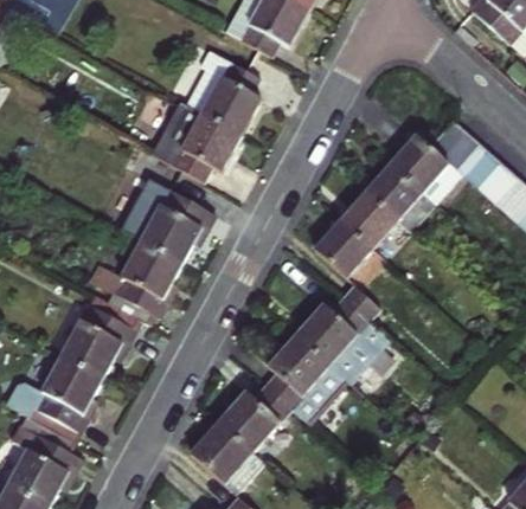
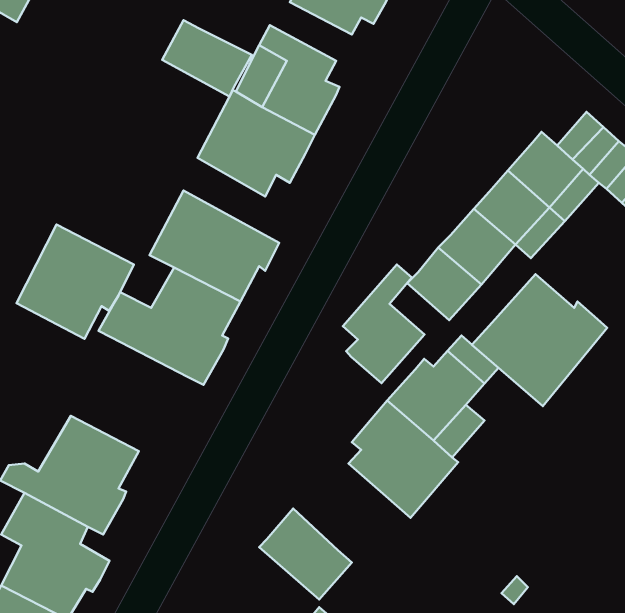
building: none -> [162,20,252,96]
building: none -> [343,264,424,383]
building: none -> [472,274,607,406]
building: [54,289,145,376] -> [16,225,134,339]
building: [225,386,296,452] -> none

